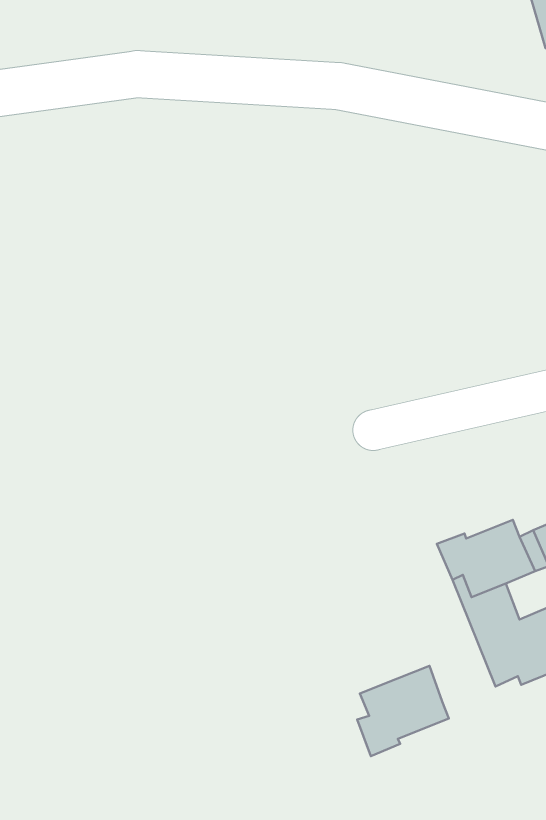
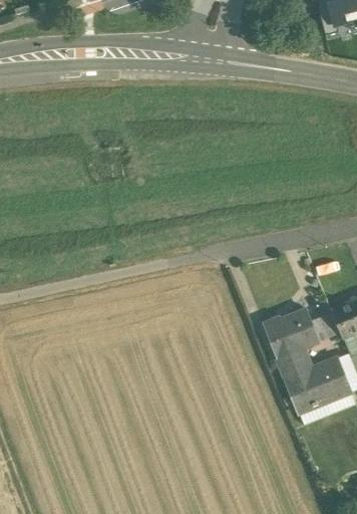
building: [357,666,449,756] -> none

